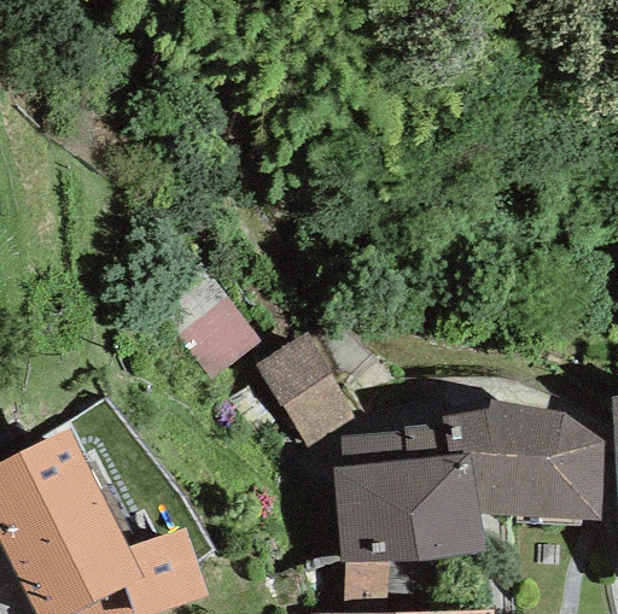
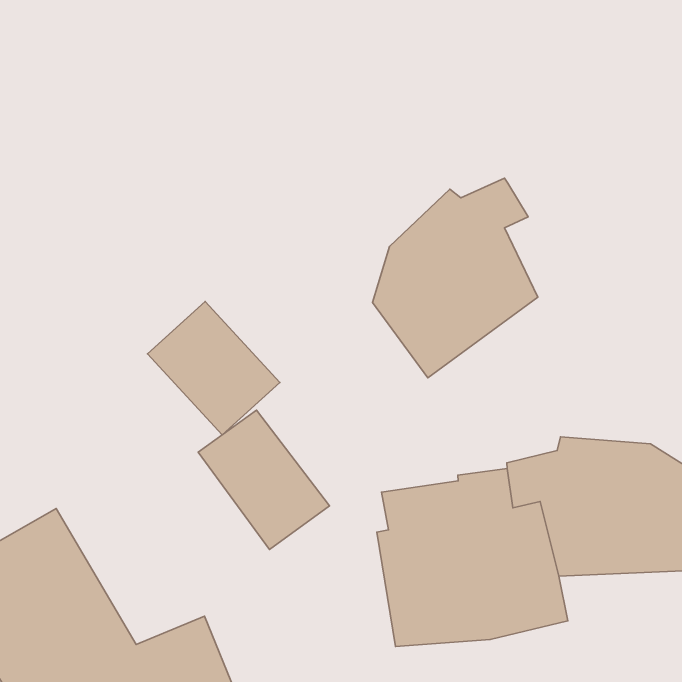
building: none -> [372,178,538,378]
building: [253,333,358,449] -> [198,410,329,550]

